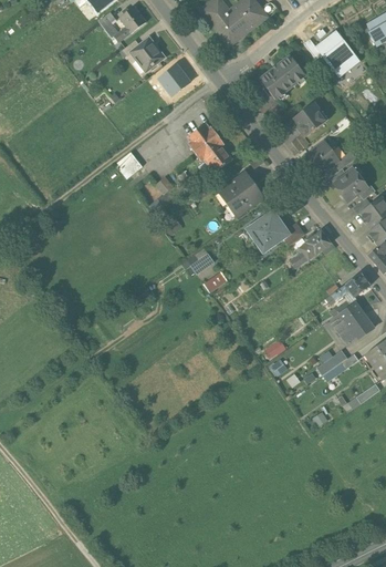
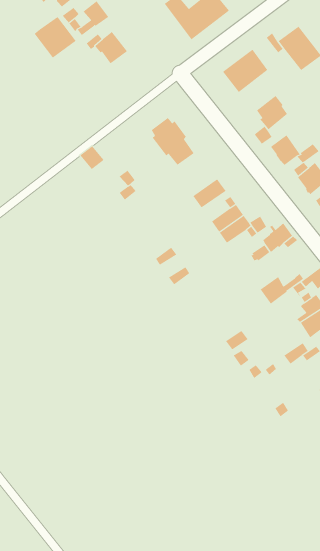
building: none -> [34,16,76,59]
building: [158,64,189,95] -> none
building: [220,172,254,203] -> none
building: none -> [260,274,304,304]

